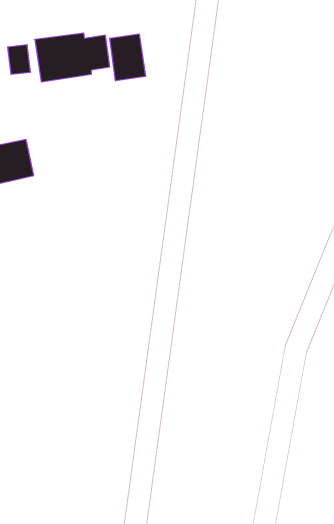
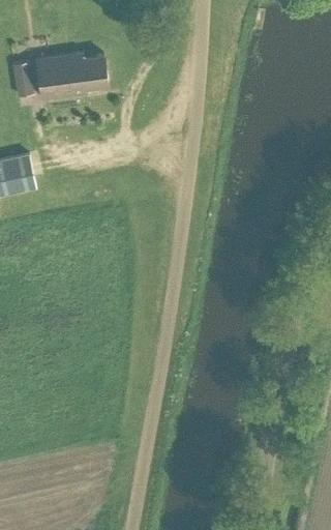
building: [110,34,145,81] -> none

